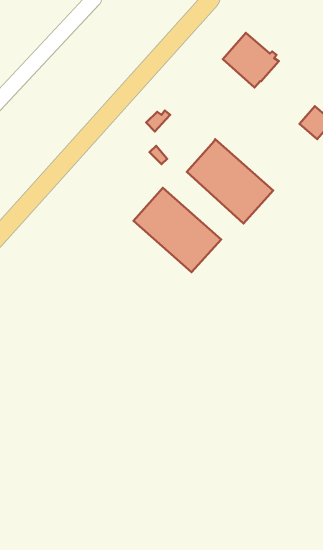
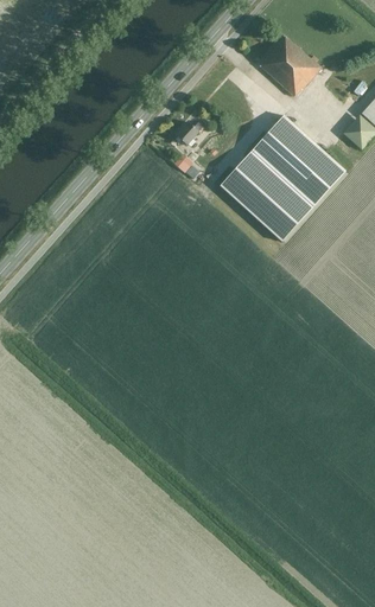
building: [133,188,221,272] -> [250,115,345,206]

